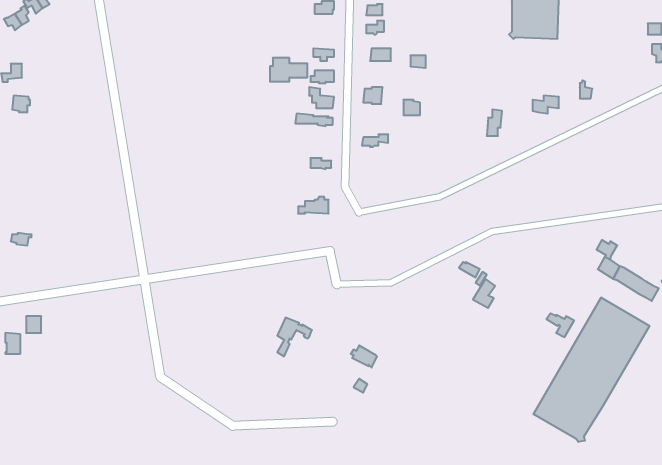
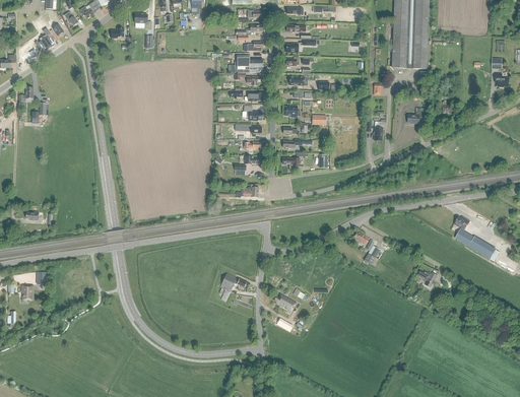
building: [270,58,307,82] -> [235,55,262,72]
building: [534,297,649,442] -> none

